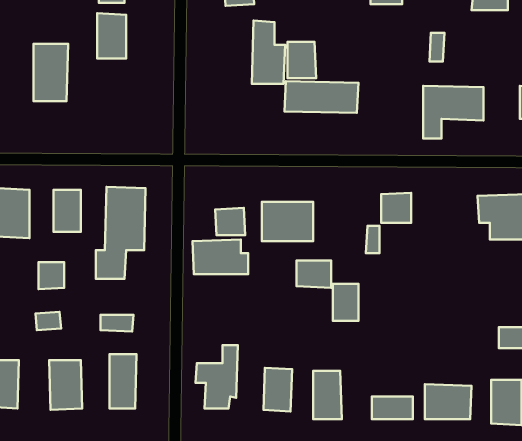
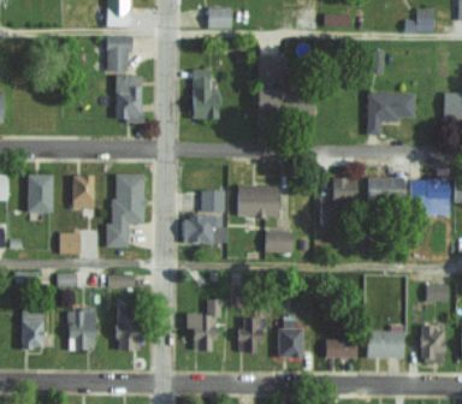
building: [252,21,285,84] -> [192,69,219,119]
building: [33,44,68,101] -> [116,76,143,121]
building: none -> [368,177,404,201]
building: [333,284,359,321] -> none

